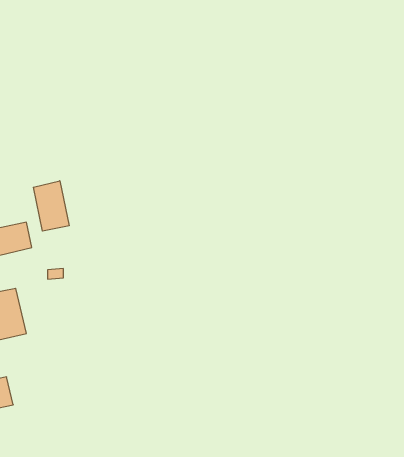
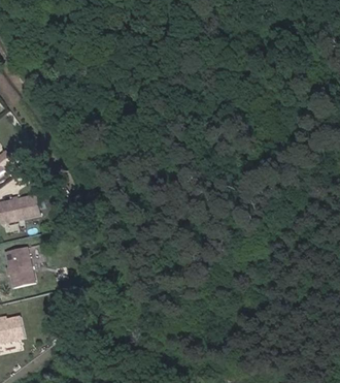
building: [33,181,69,231] -> none

